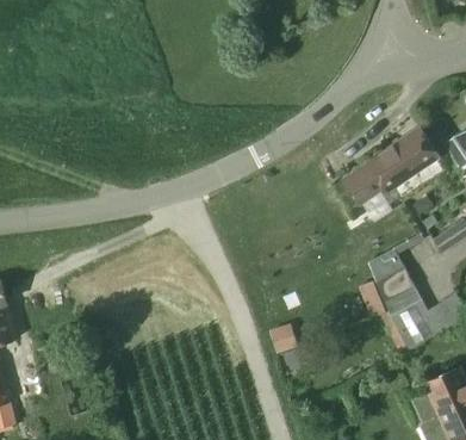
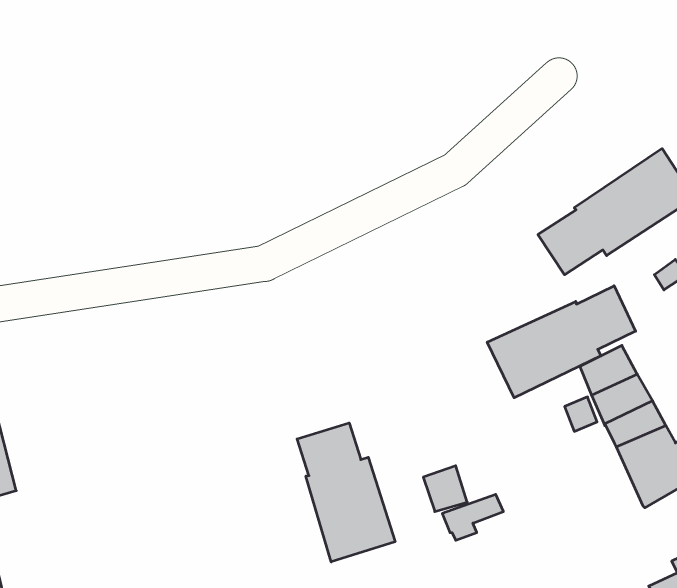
building: none -> [487,286,636,398]
building: none -> [297,423,395,562]

